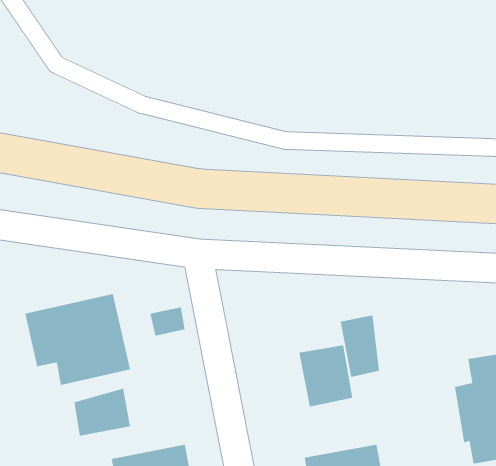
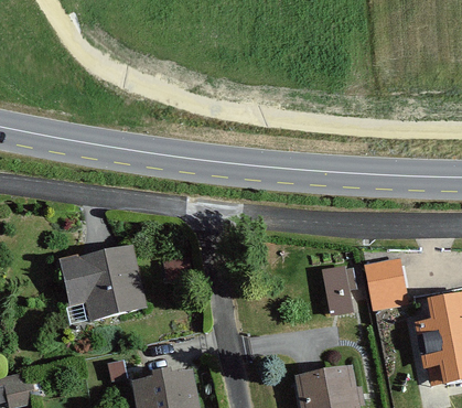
building: [299,345,353,407] -> [363,257,408,309]
building: [74,388,130,436] -> none

